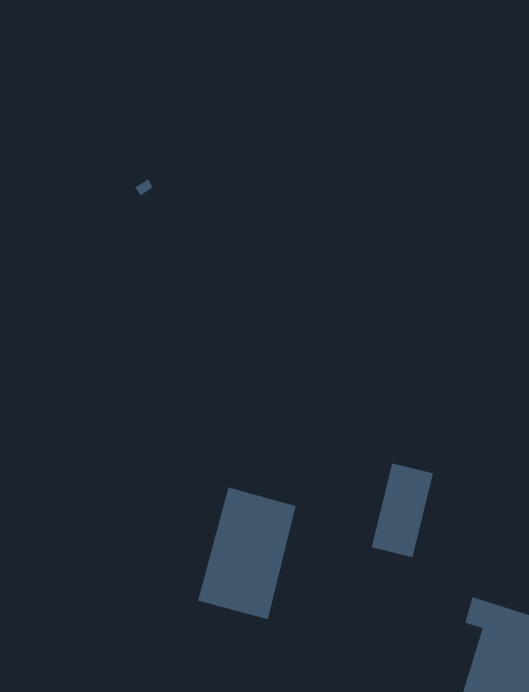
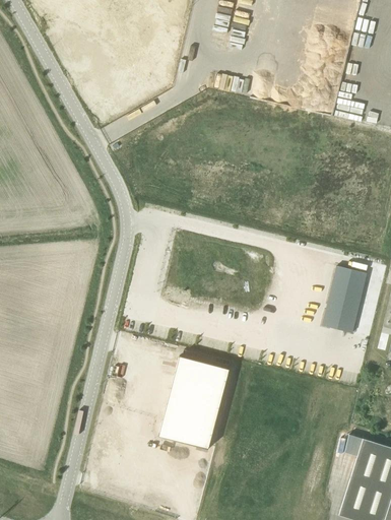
building: [371,463,434,558] -> [323,268,367,334]

